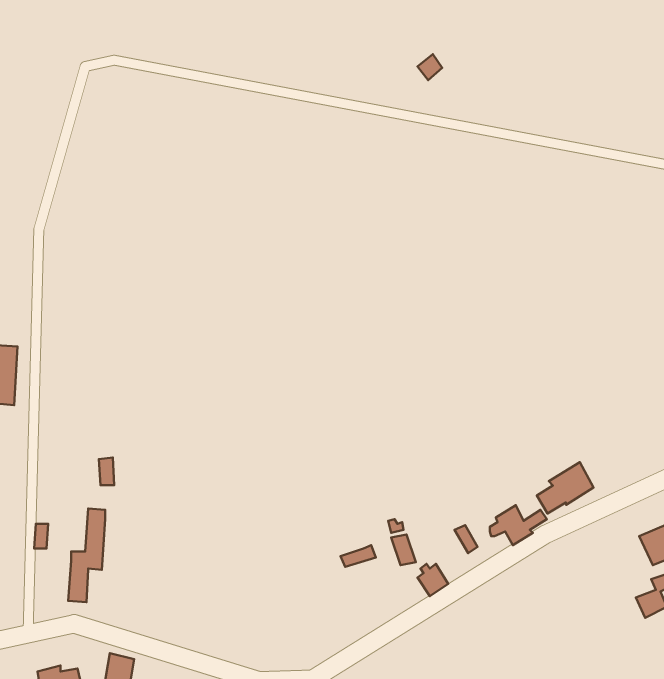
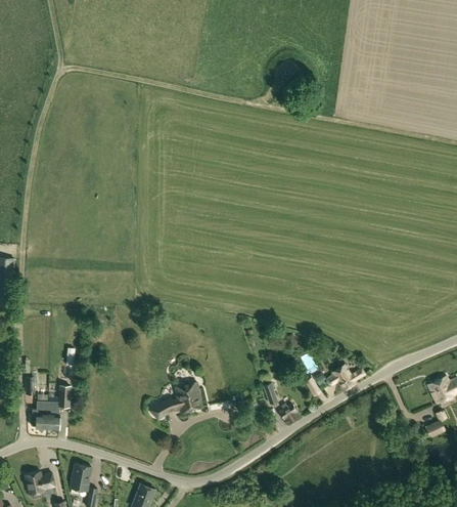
building: [537,462,594,513] -> none
building: none -> [152,382,202,416]
building: none -> [30,399,49,427]

